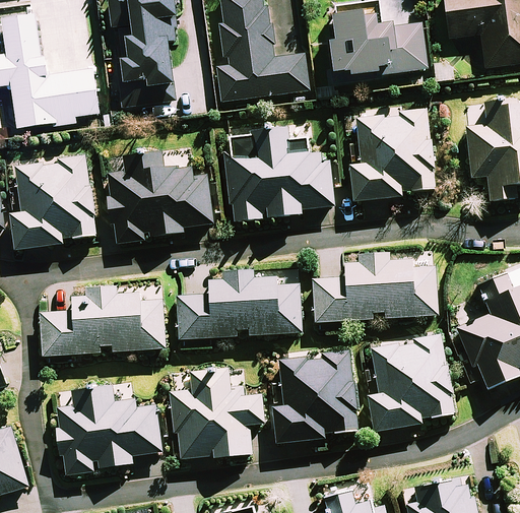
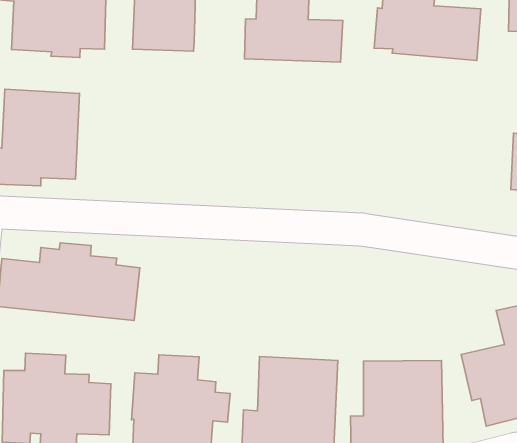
building: [350,110,435,201] -> none
building: [226,133,333,220] -> none
building: [107,152,213,245] -> none
building: [312,255,437,322] -> none
building: [177,272,302,339] -> none

